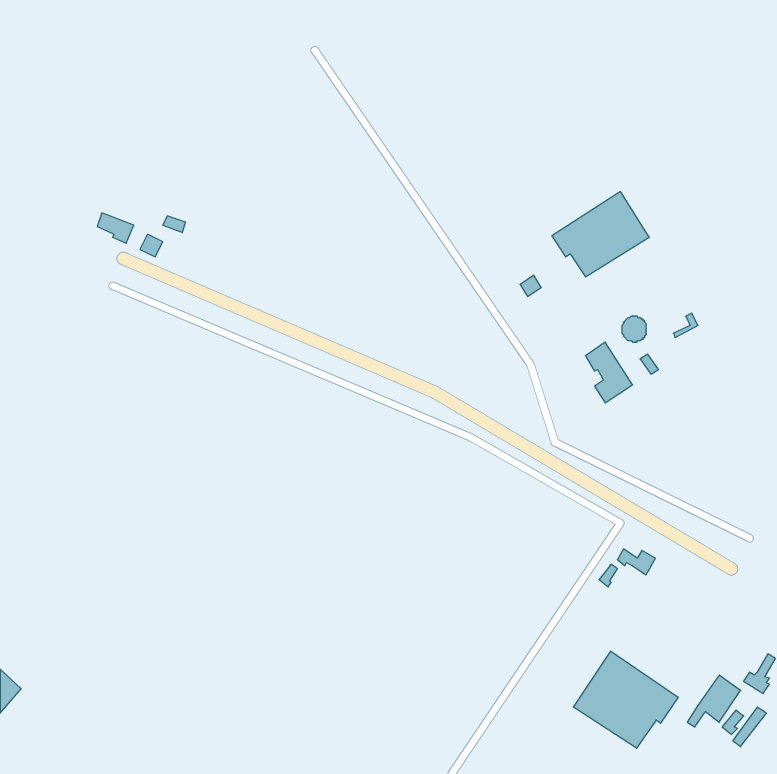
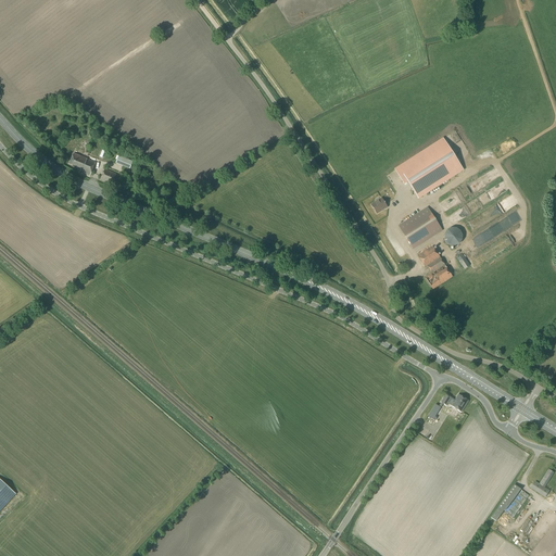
building: none -> [399,205,442,248]
building: [573,651,678,748] -> none

